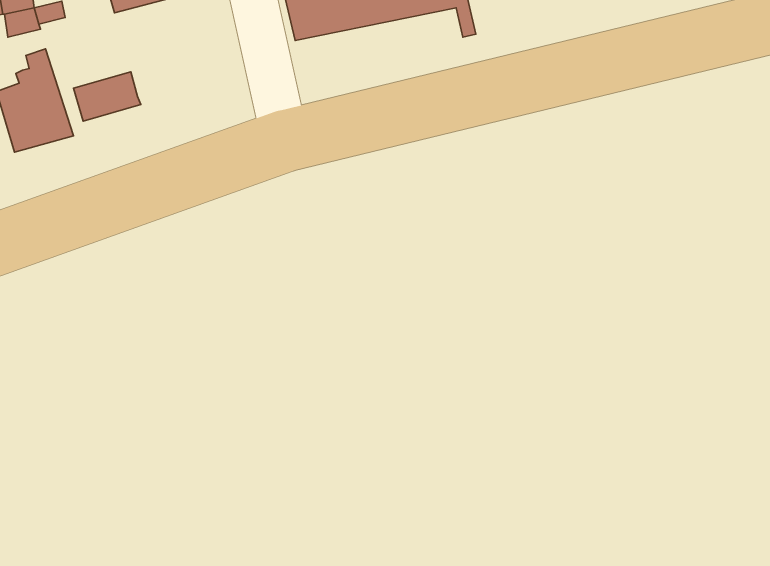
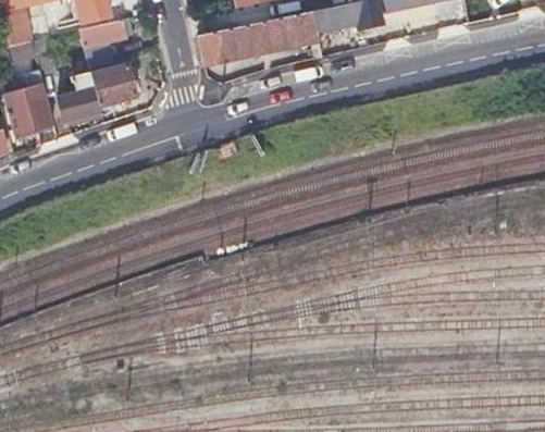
building: none -> [94,65,136,100]

